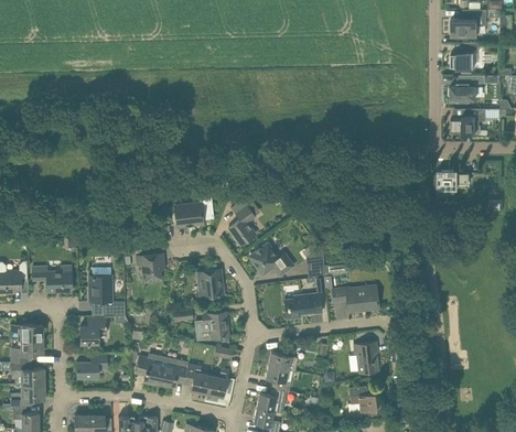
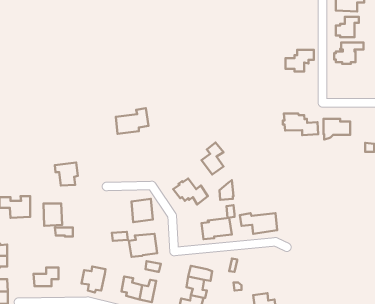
building: [451,109,486,136] -> [285,50,314,71]
building: none -> [283,114,318,135]
building: [174,195,215,227] -> [116,108,149,134]
building: [228,205,256,245] -> [201,142,224,174]
building: [136,252,164,281] -> [55,163,78,186]
building: [80,318,106,344] -> none
building: [354,342,378,372] -> none
building: [160,356,189,386] -> none

